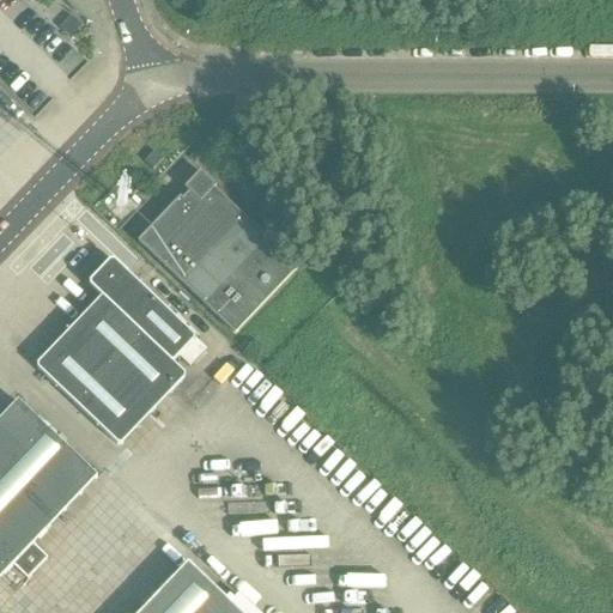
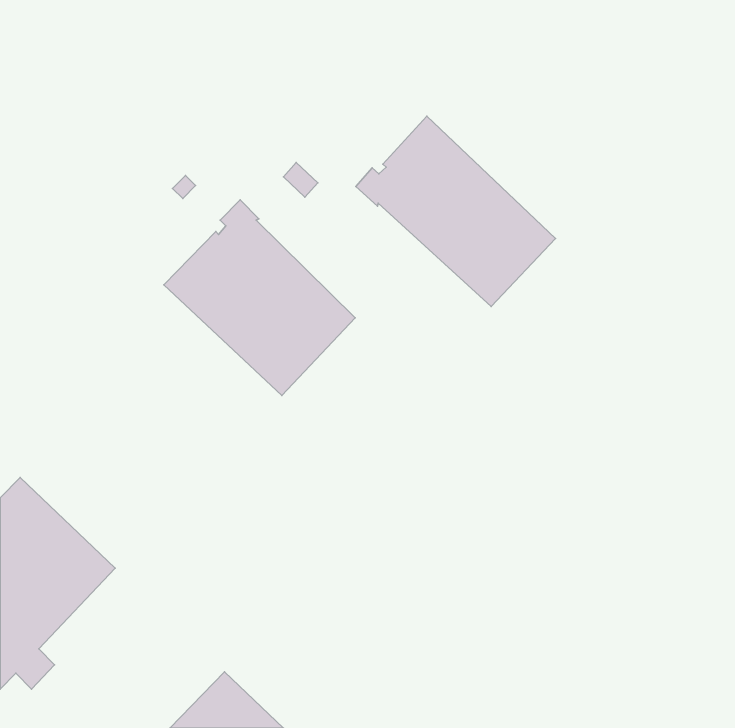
building: none -> [356,116,555,306]
building: [36,256,207,439] -> none

